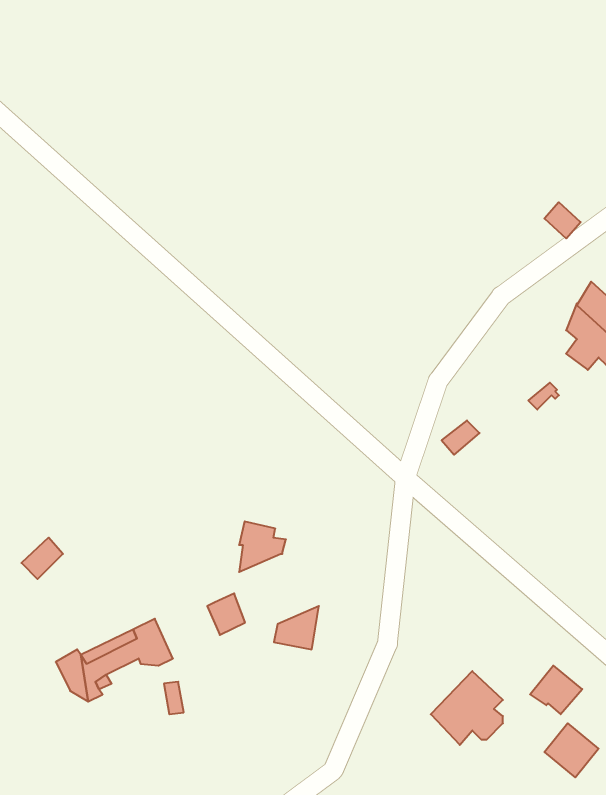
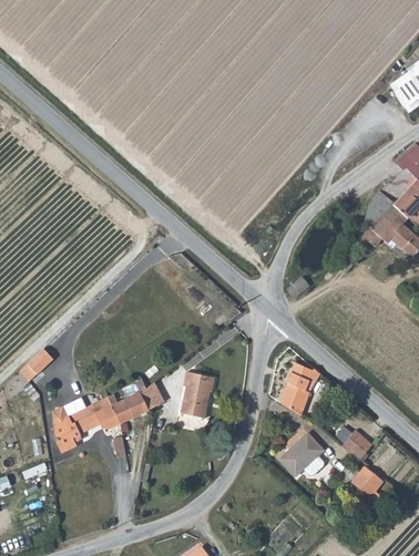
building: [239,521,286,572] -> [184,371,213,402]
building: none -> [278,362,320,411]
building: none -> [109,385,149,423]

